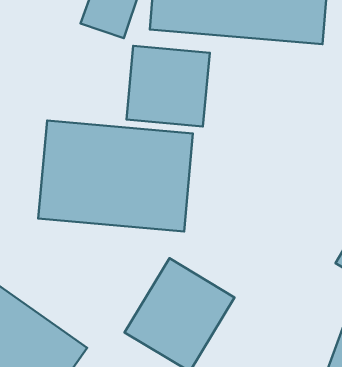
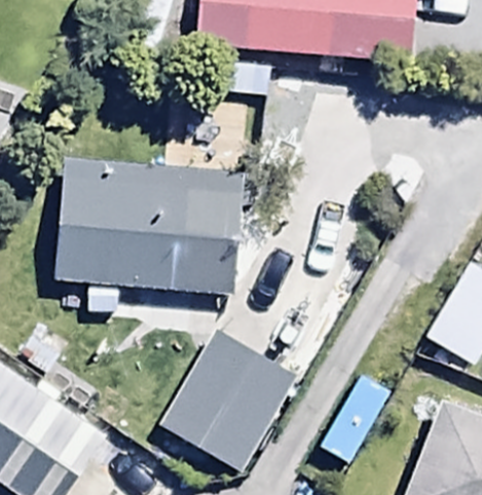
building: [127,46,210,126] -> none

